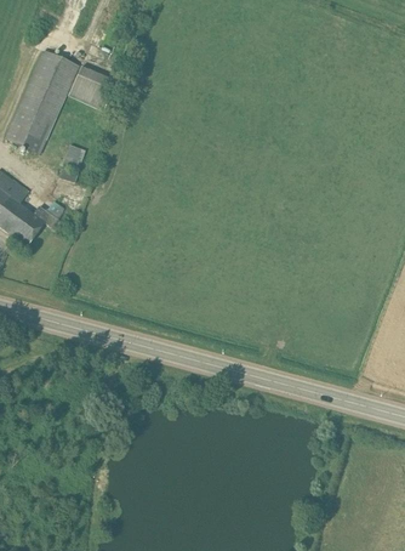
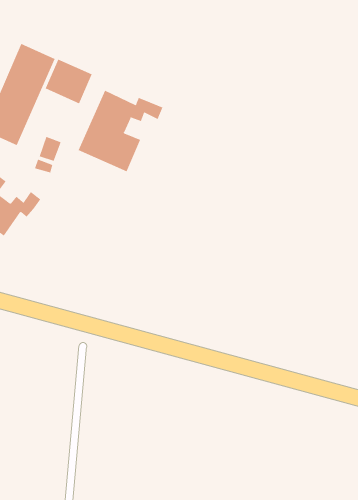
building: none -> [78,90,163,172]

